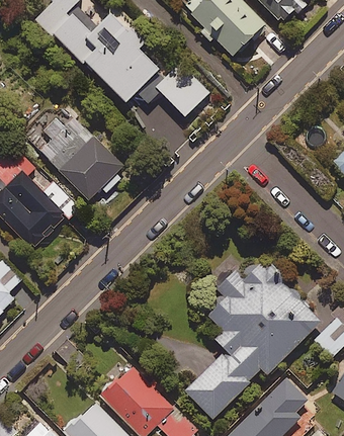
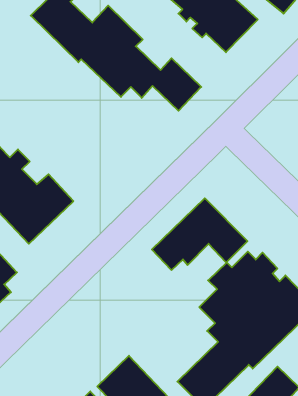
building: [39,118,122,200] -> none
building: none -> [152,198,247,270]

